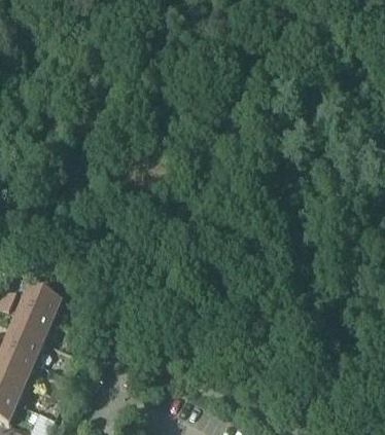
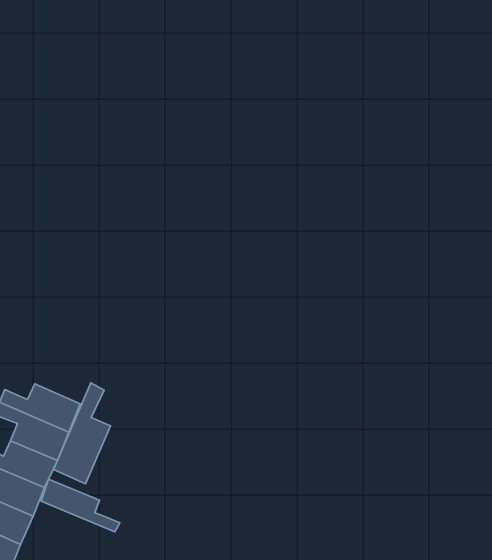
building: none -> [54,383,110,484]
building: none -> [41,479,120,532]

